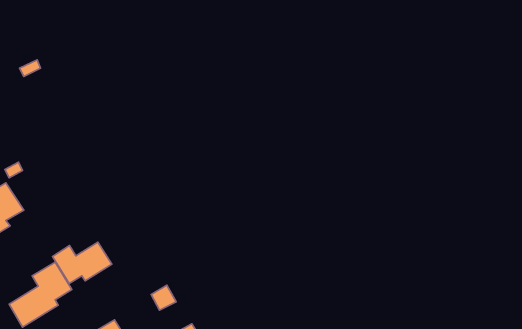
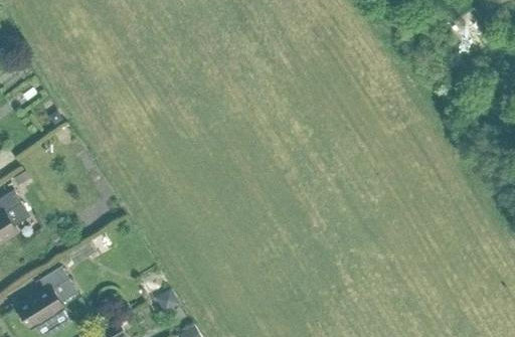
building: [53,242,112,283] -> none

